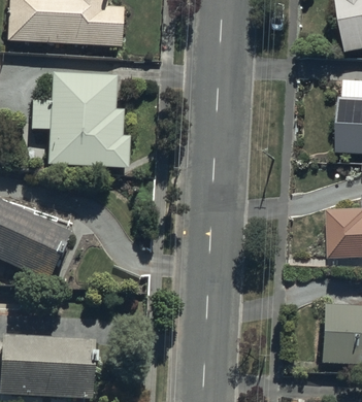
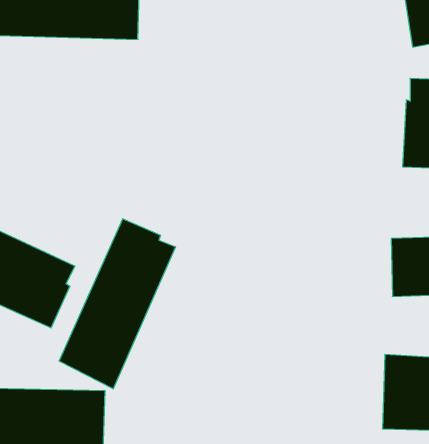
building: [31,63,131,161] -> none
building: none -> [59,219,175,389]

